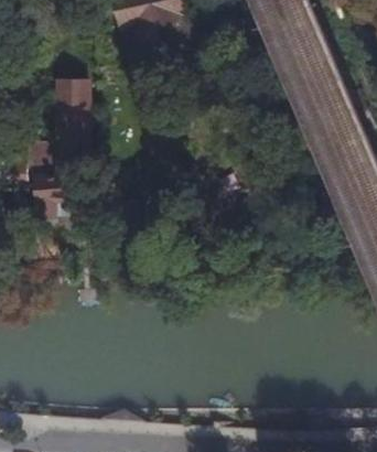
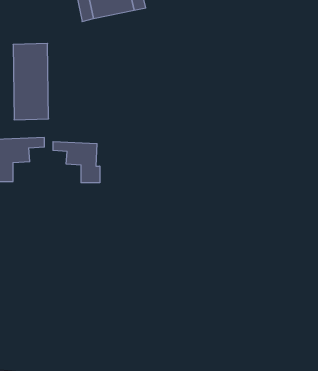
building: none -> [53,142,100,183]

